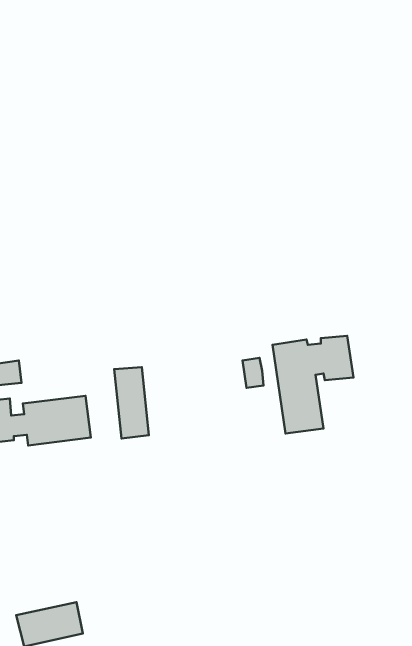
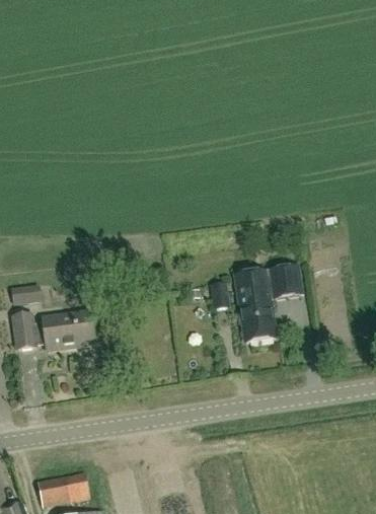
building: [114,367,149,439] -> none

